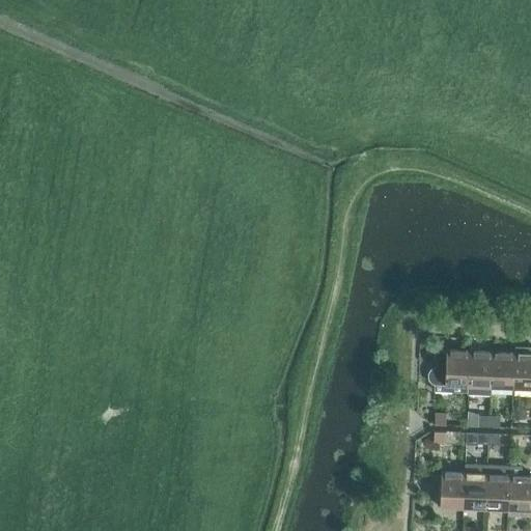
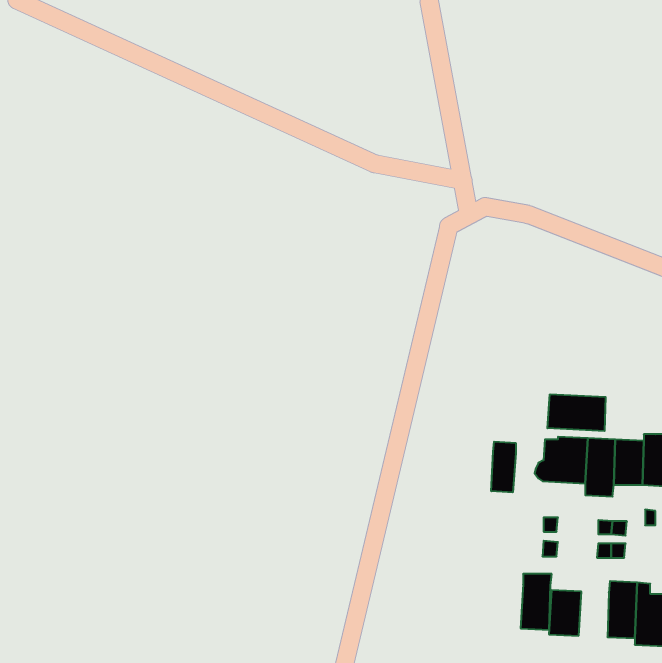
building: none -> [547,394,606,431]
building: none -> [491,442,516,492]
building: [464,465,488,509] -> [521,574,552,630]

